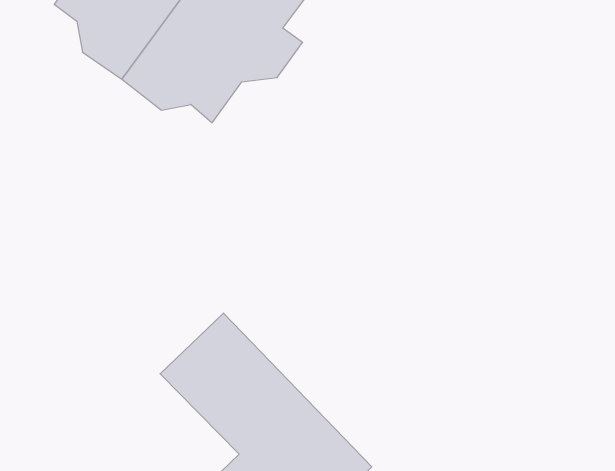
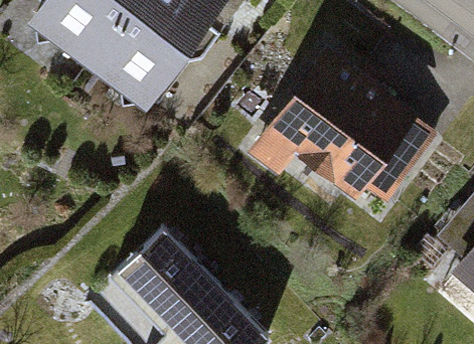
building: none -> [271,58,432,200]

